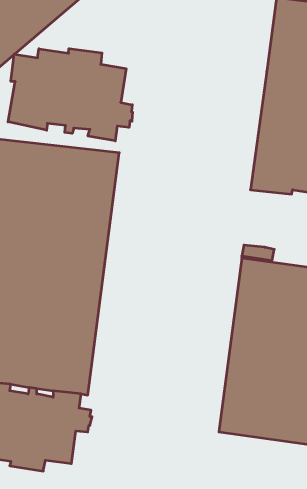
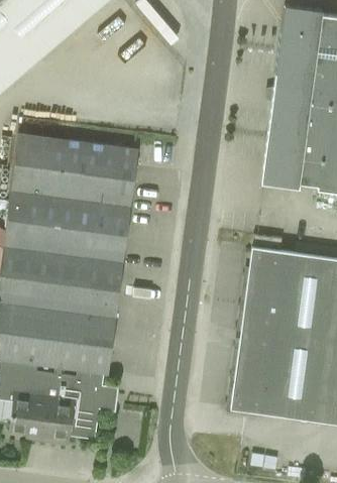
building: [8,49,132,141] -> none

